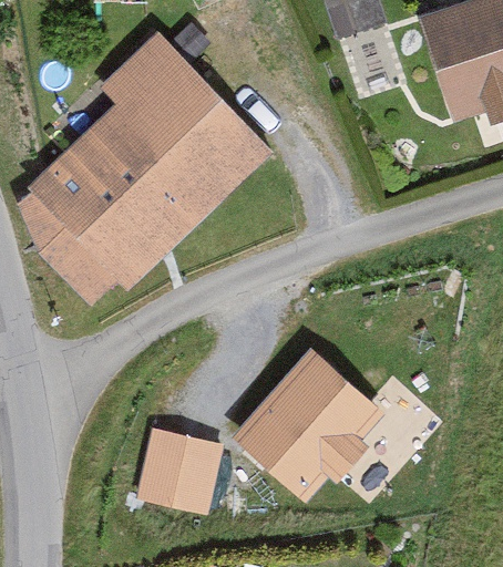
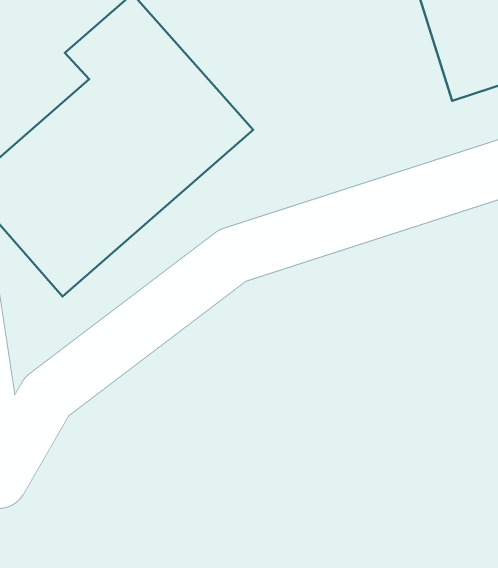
building: [243,354,379,493] -> none
building: [146,433,219,507] -> none

